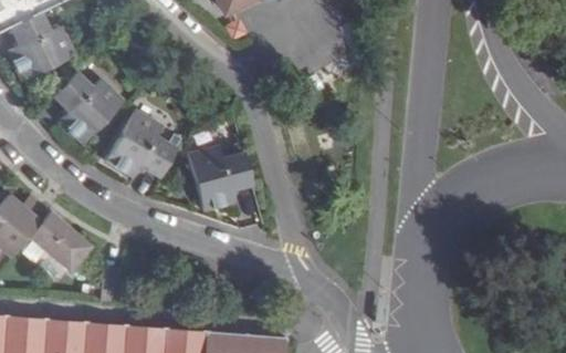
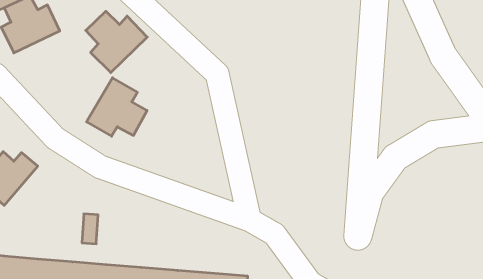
building: [52,74,123,145] -> [86,11,147,73]
building: [187,145,252,210] -> none
building: [28,211,90,270] -> none

